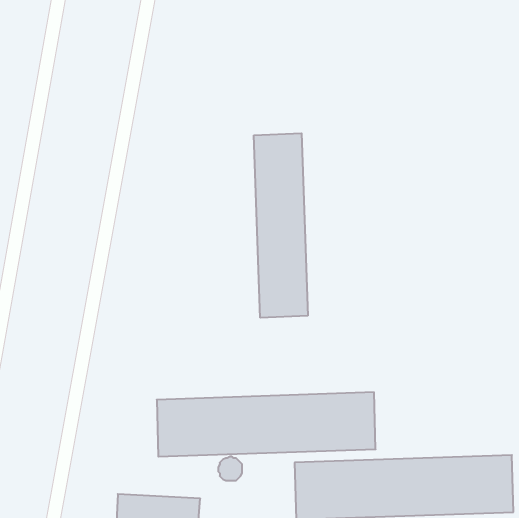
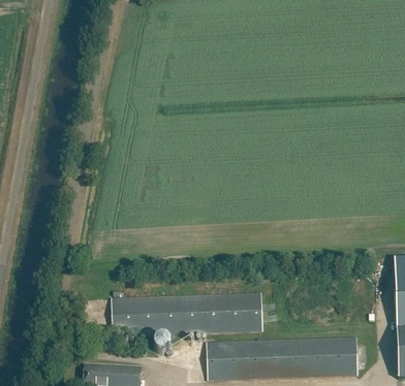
building: [254,133,308,318] -> none

